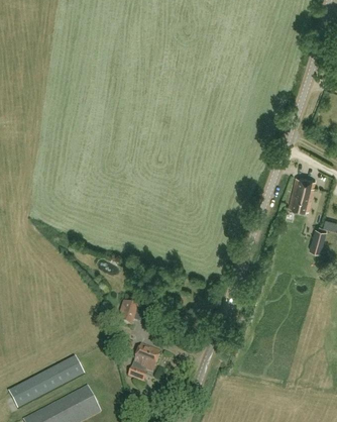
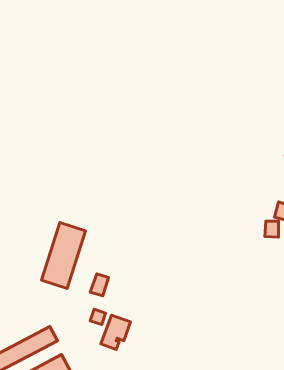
building: [288,177,315,211] -> none
building: none -> [42,222,86,289]

